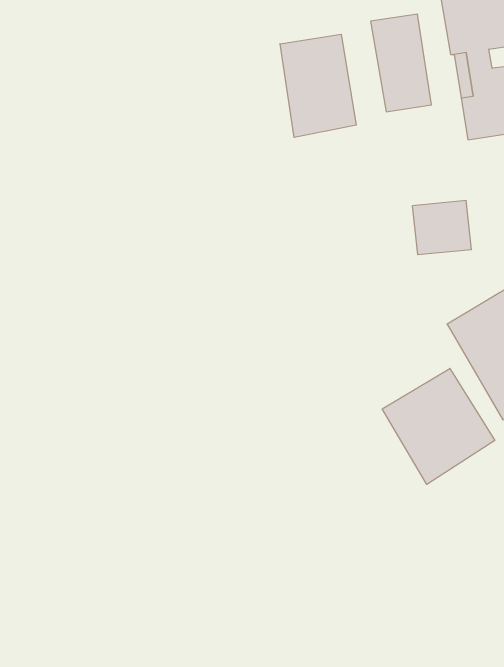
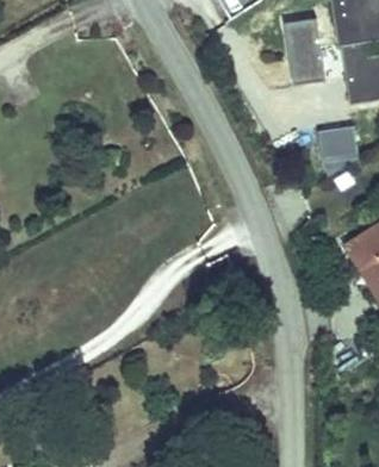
building: [280,34,356,137] -> none
building: [382,368,495,484] -> none

